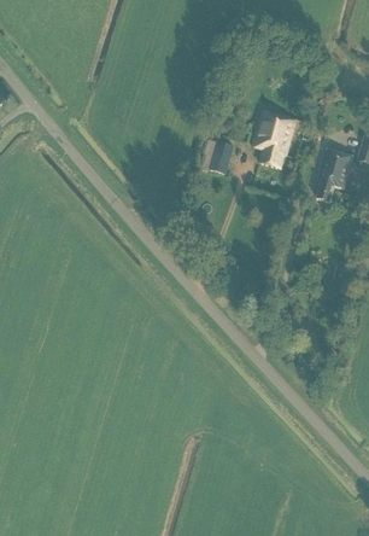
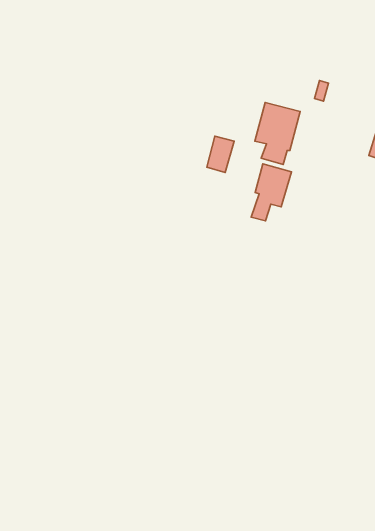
building: [315,148,352,202] -> [251,164,291,221]

